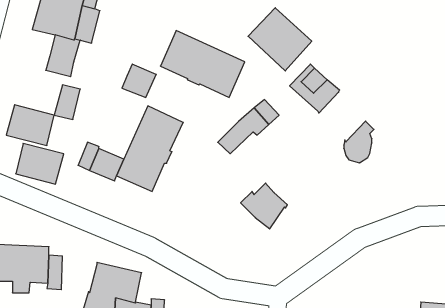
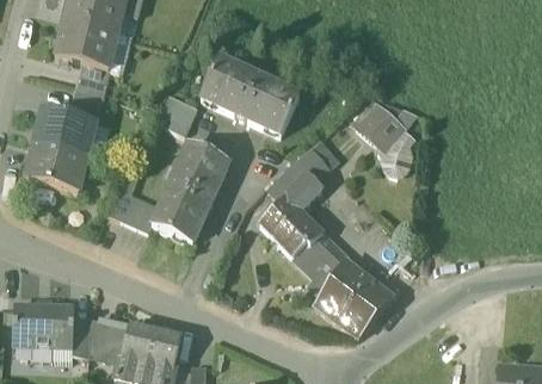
building: [248,8,312,71] -> none
building: [344,121,374,163] -> [381,128,415,175]
building: none -> [260,173,322,254]
building: [16,143,64,184] -> [35,107,90,154]
building: none -> [315,259,393,335]
building: none -> [88,316,129,357]

